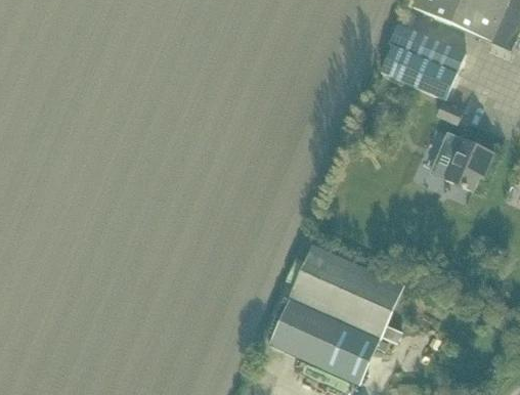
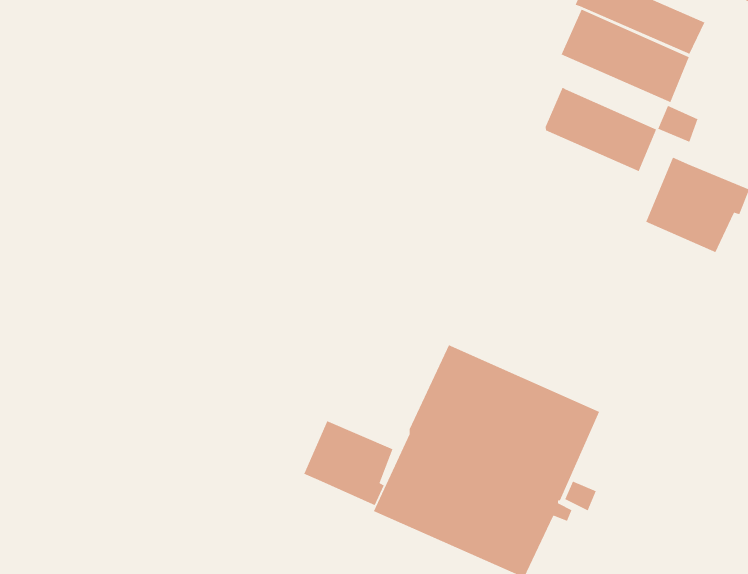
building: none -> [545,86,657,172]
building: none -> [303,420,393,506]

